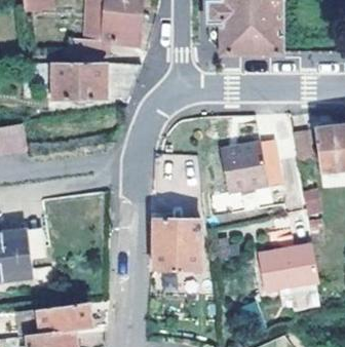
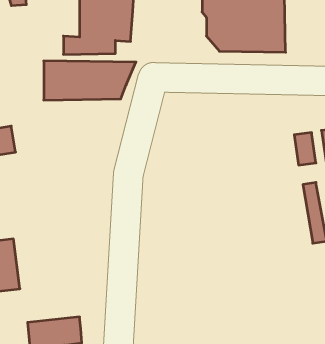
building: [219,141,267,191] -> none
building: [153,208,200,270] -> none
building: [256,243,309,292] -> none

